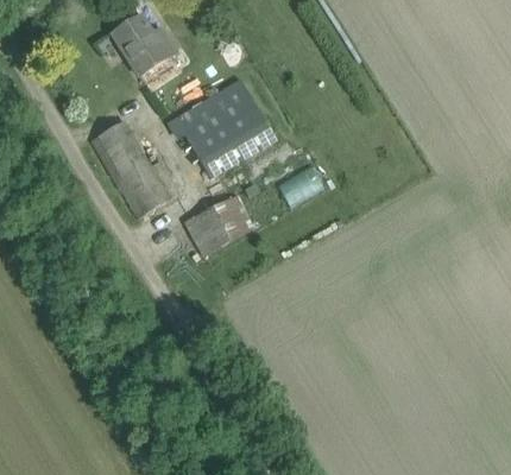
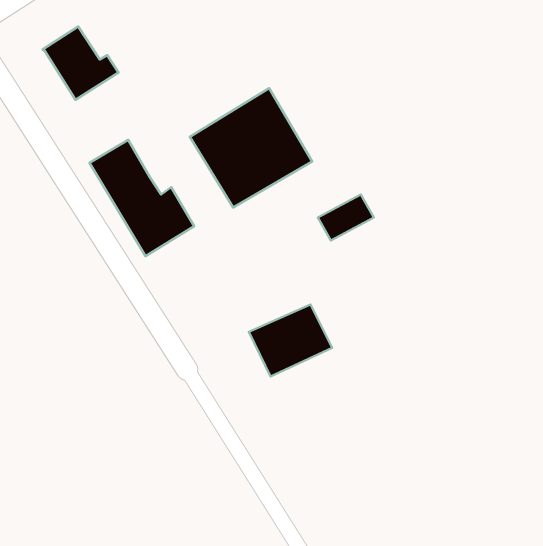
building: [111,13,174,74] -> [42,26,118,100]
building: [185,195,254,254] -> [249,305,332,376]

